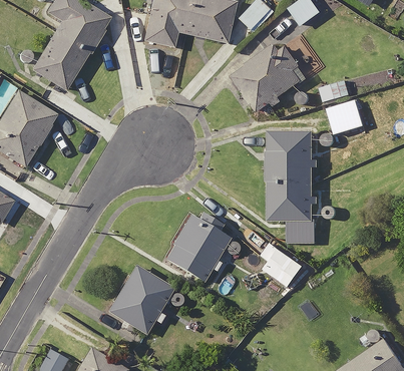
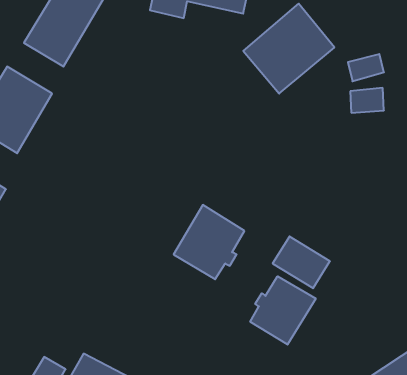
building: [269,130,314,243] -> none
building: [108,264,173,333] -> none
building: none -> [250,276,316,345]

